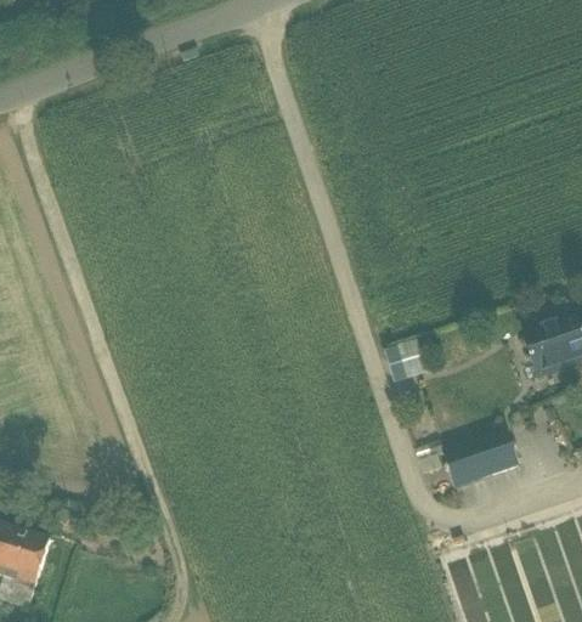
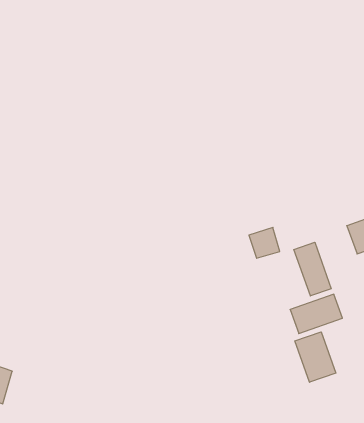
building: none -> [294,242,331,296]
building: none -> [295,332,336,382]

